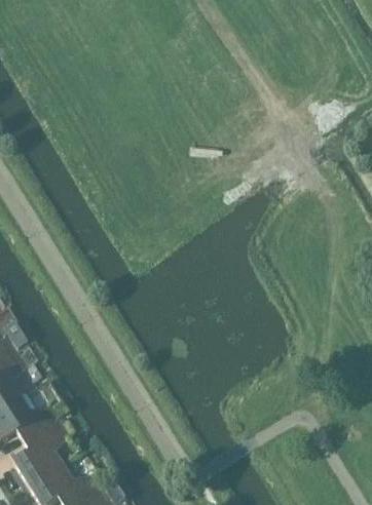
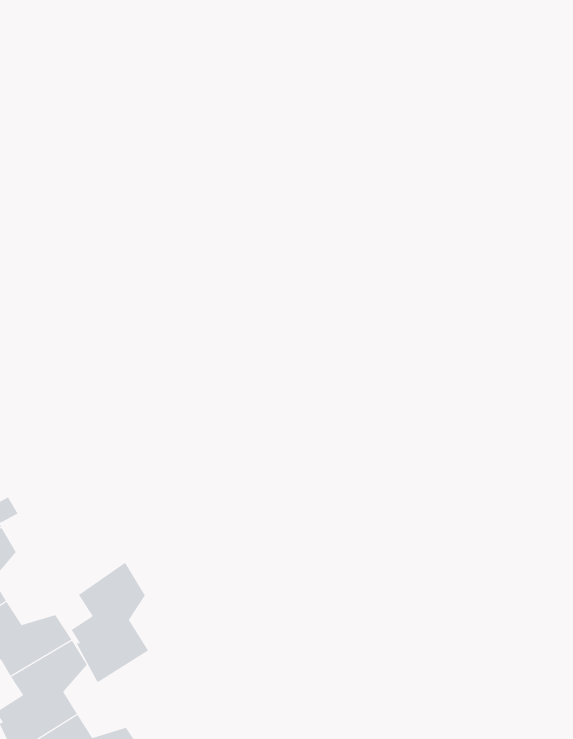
building: none -> [71,562,149,683]

